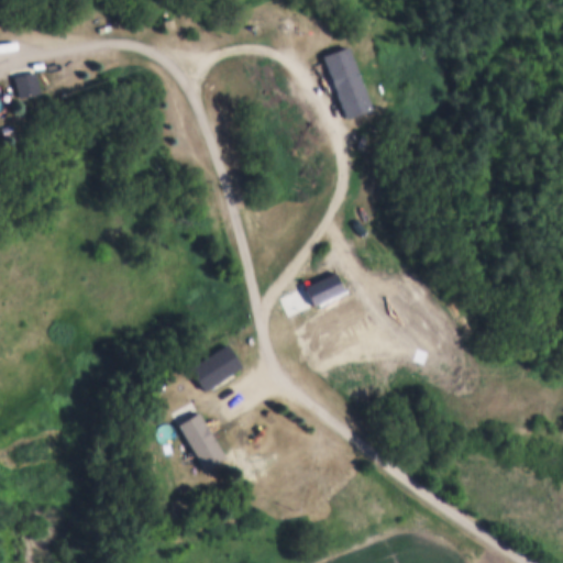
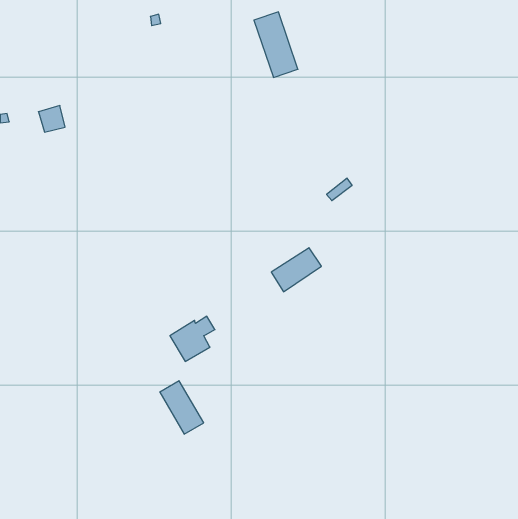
building: [325,48,373,119] -> [254,12,298,77]
building: [14,71,43,100] -> [38,106,65,132]

